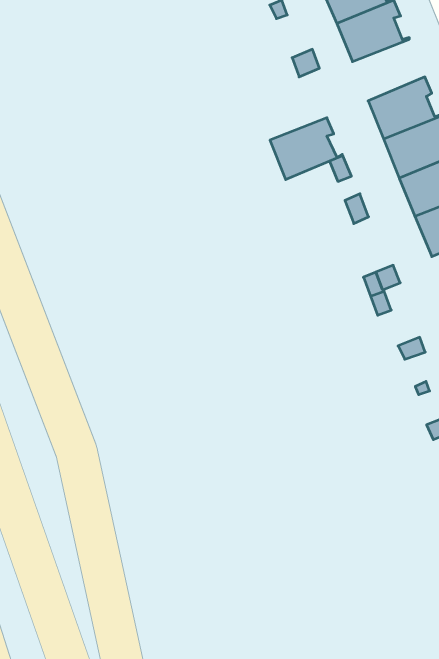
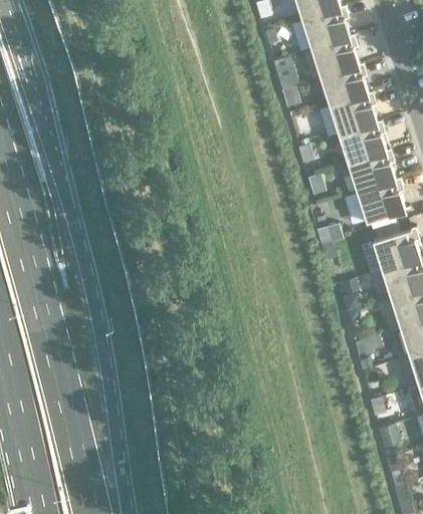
building: [270,118,342,180] -> [319,63,370,105]

